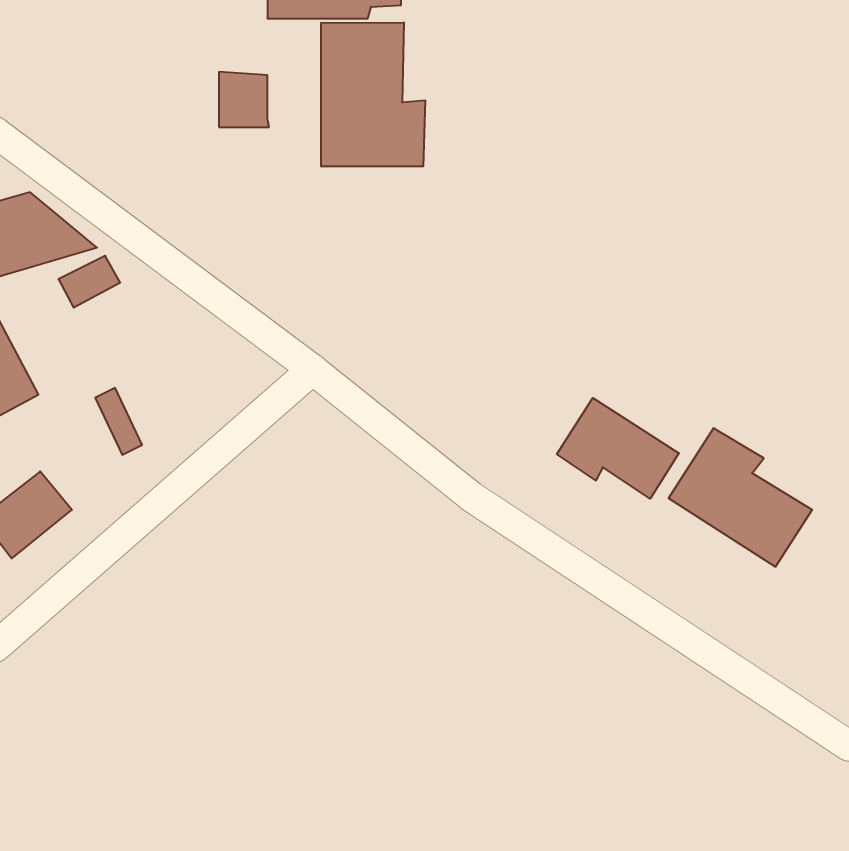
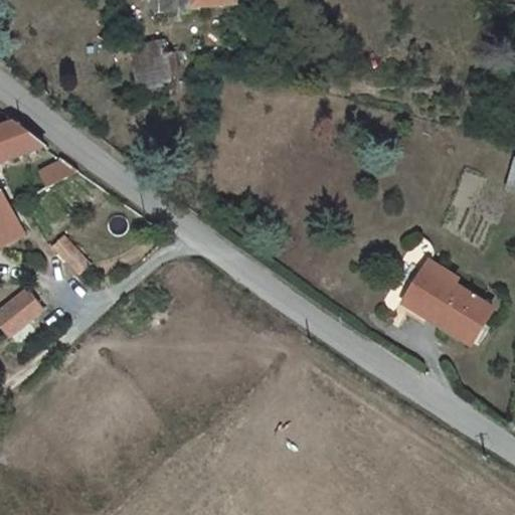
building: [321,22,425,167] -> none
building: [557,398,679,499] -> none

